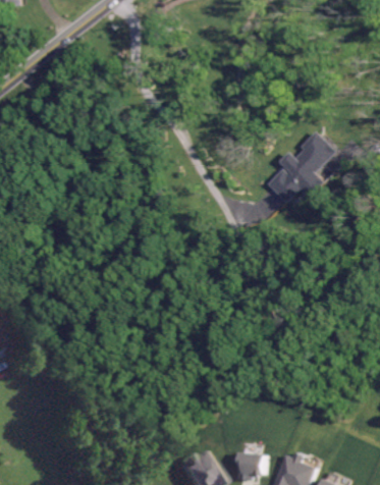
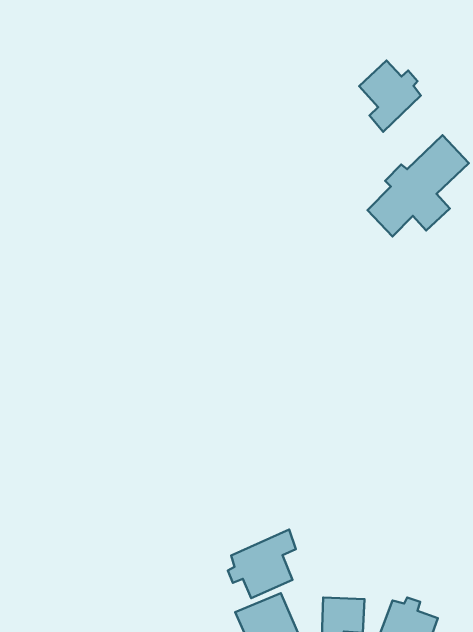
building: none -> [359,61,421,132]
building: none -> [228,530,296,598]

